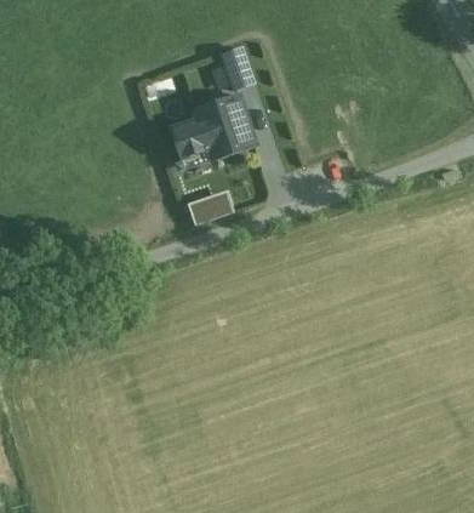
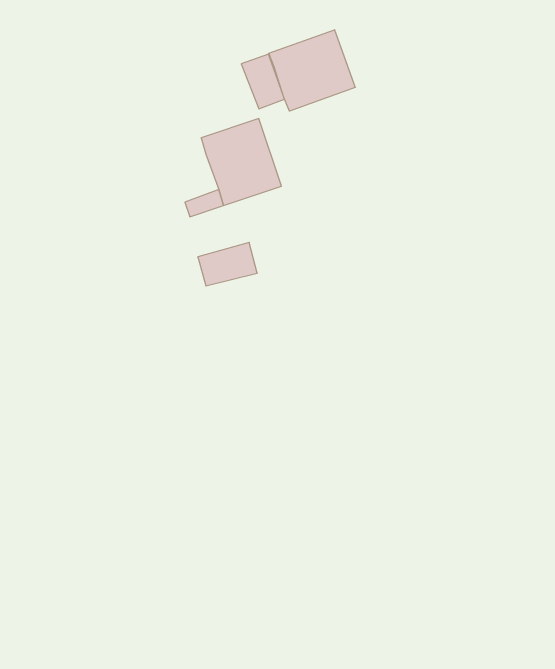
building: none -> [269,30,355,111]
building: [171,119,207,155] -> none

